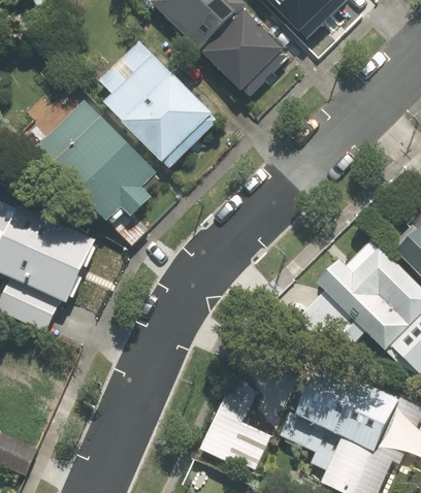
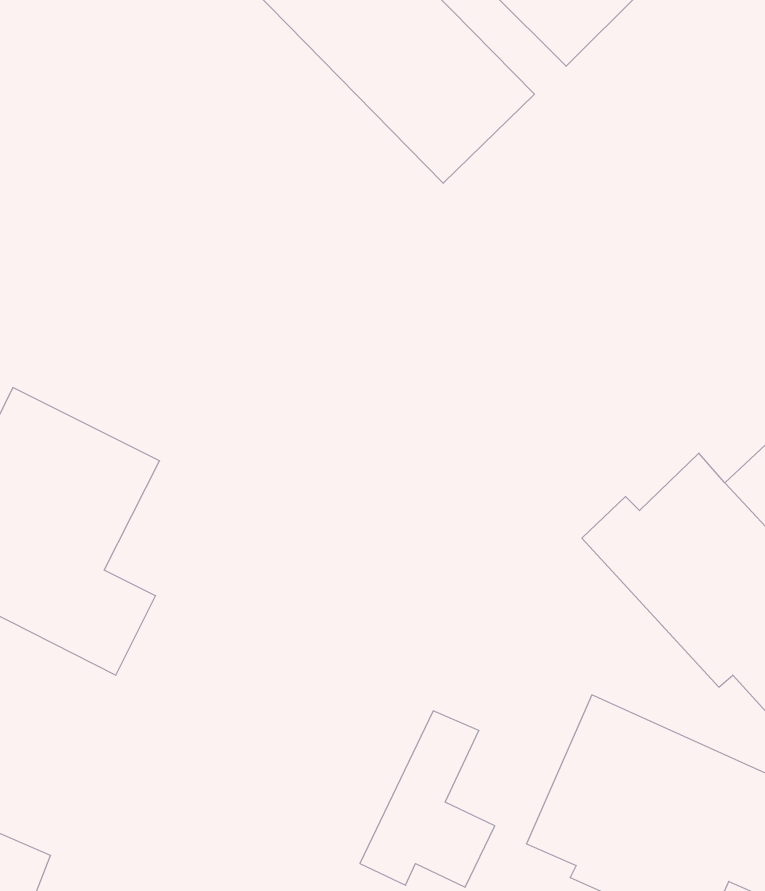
building: [96,38,218,170] -> none
building: [21,80,158,222] -> none

